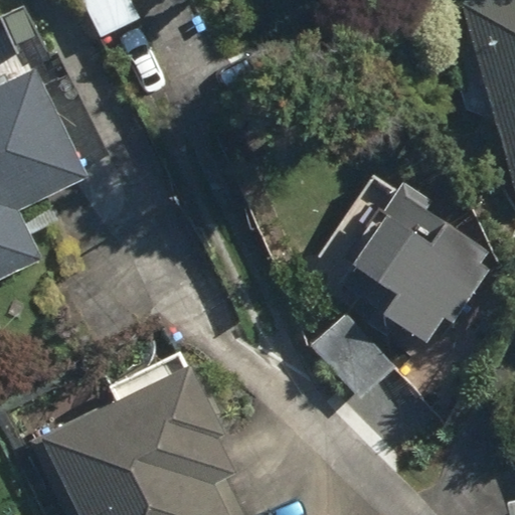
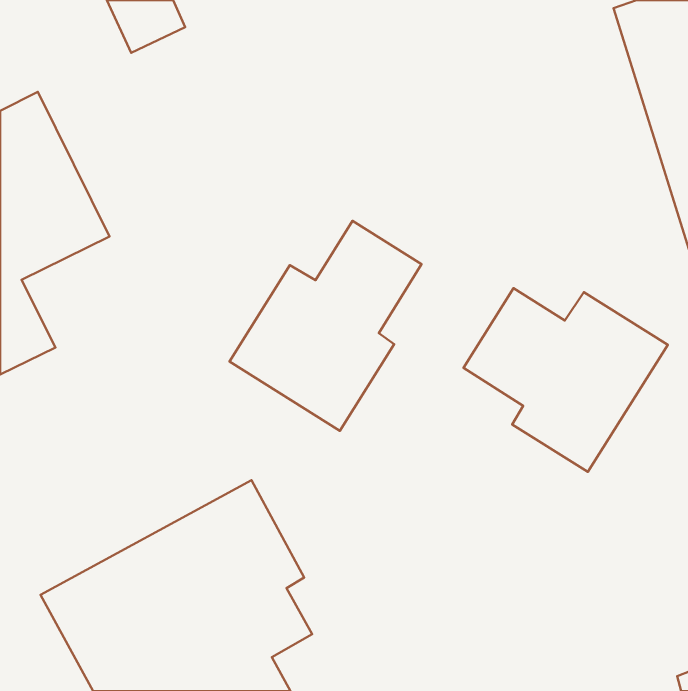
building: none -> [229,221,422,431]

